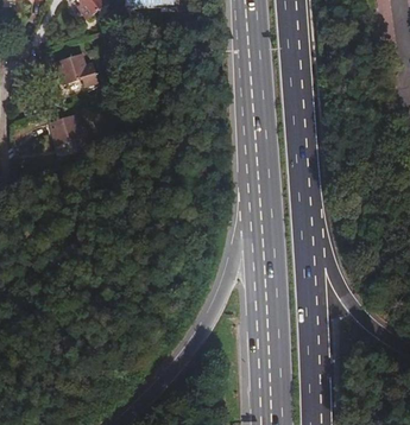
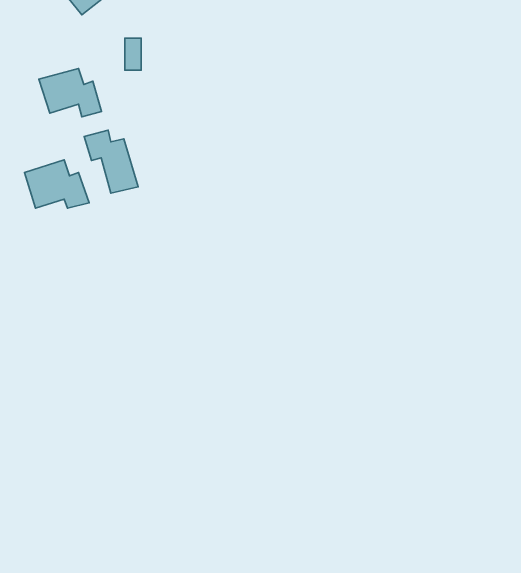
building: none -> [84,130,138,193]

